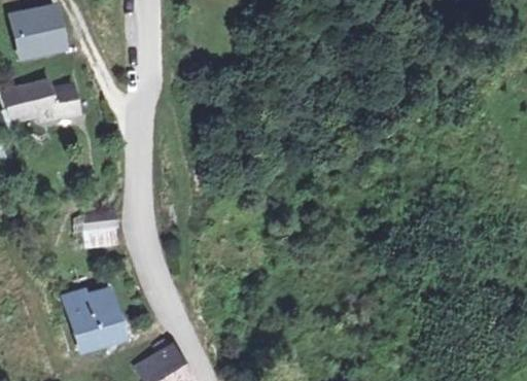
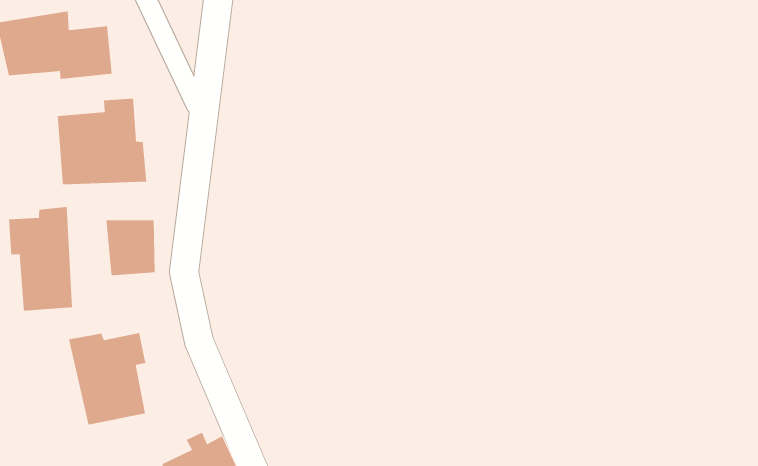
building: none -> [57,98,147,185]
building: none -> [8,206,73,312]

